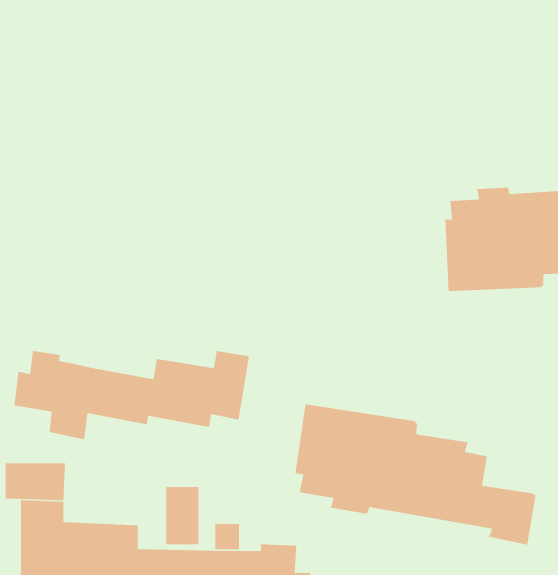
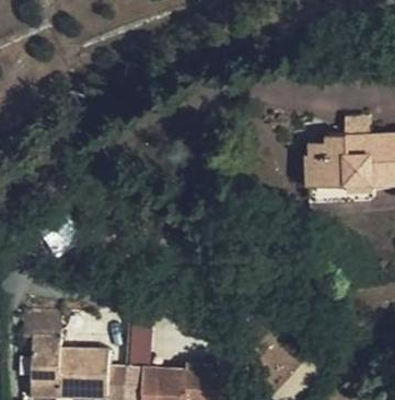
building: [13,350,250,440] -> none
building: [295,404,536,545] -> none

